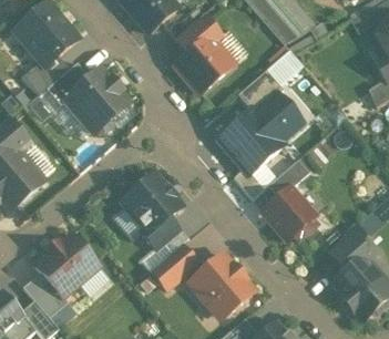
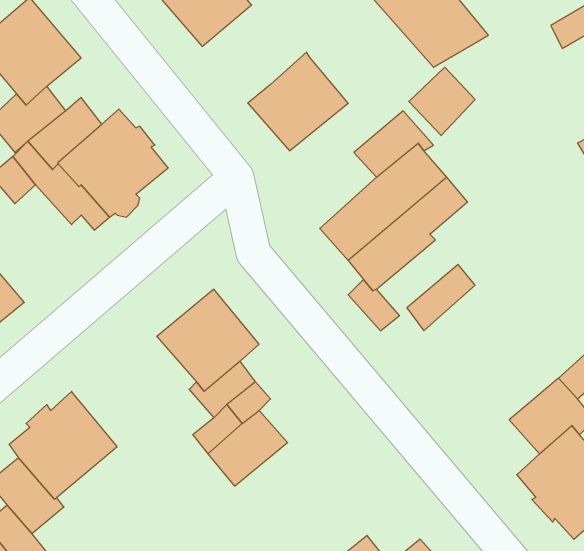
building: [176,12,221,53] -> none
building: [264,187,317,238] -> none
building: [191,253,256,319] -> none

